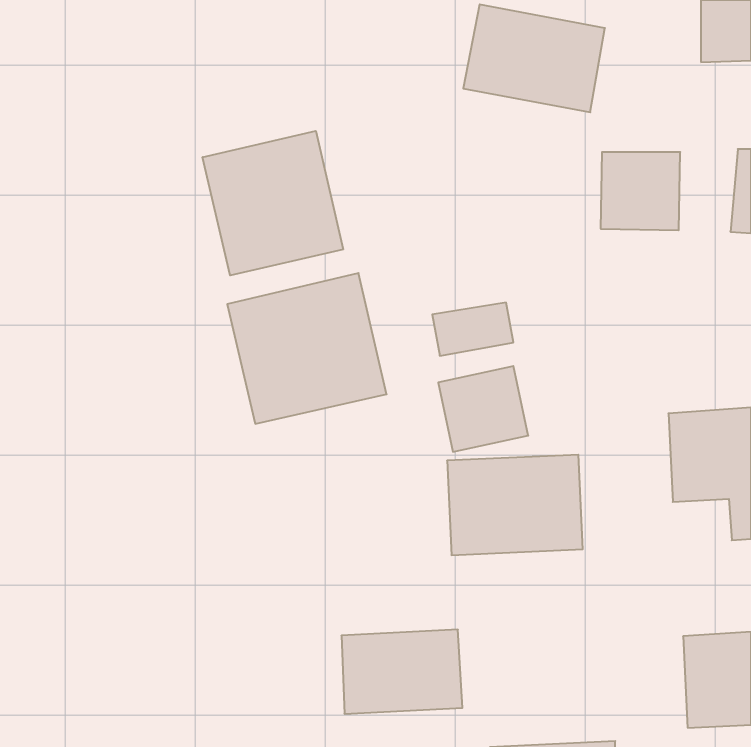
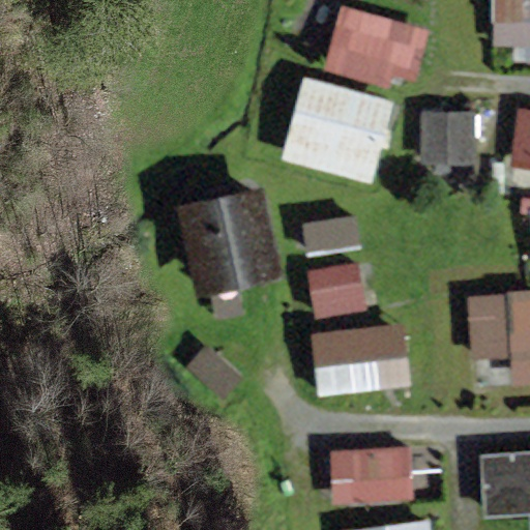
building: none -> [281,76,394,183]
building: [203,131,343,275] -> none
building: [341,630,462,714] -> [329,445,414,504]

